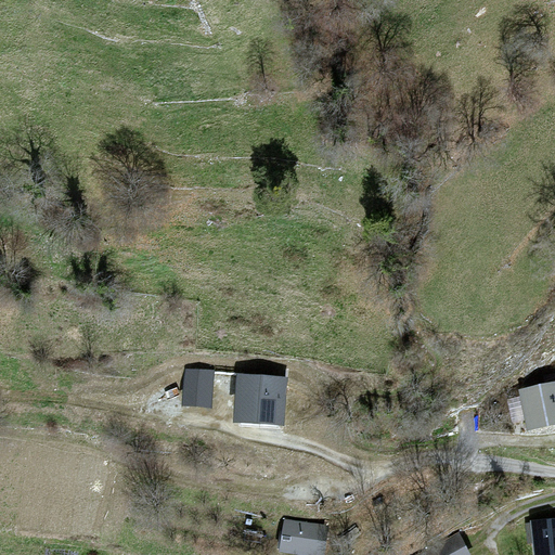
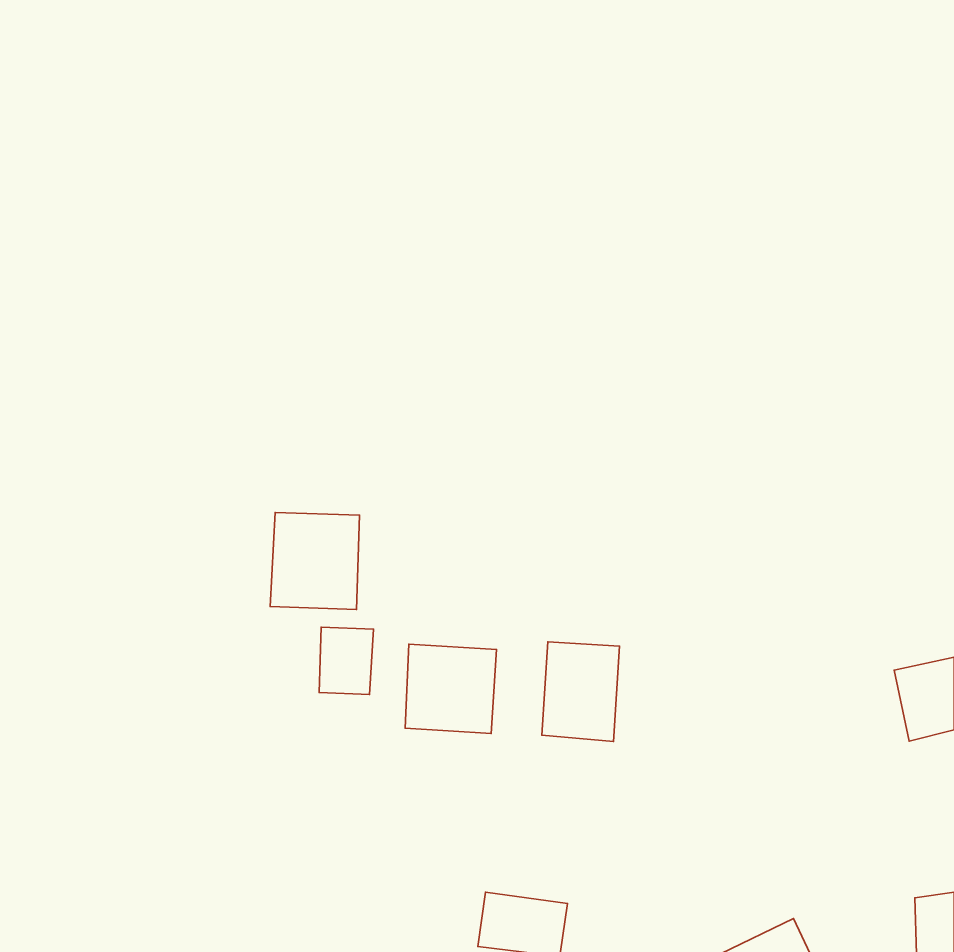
building: none -> [270,512,360,610]
building: none -> [542,642,619,742]

